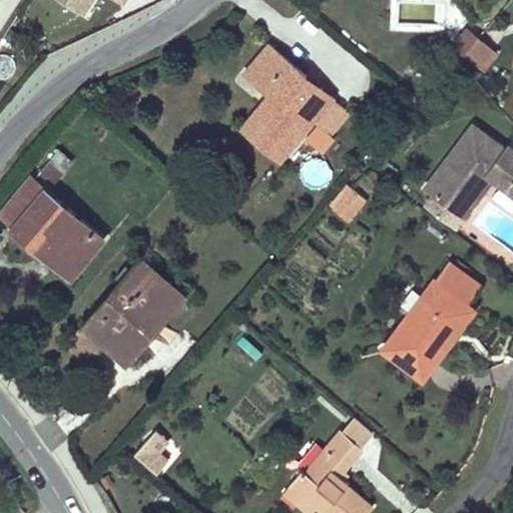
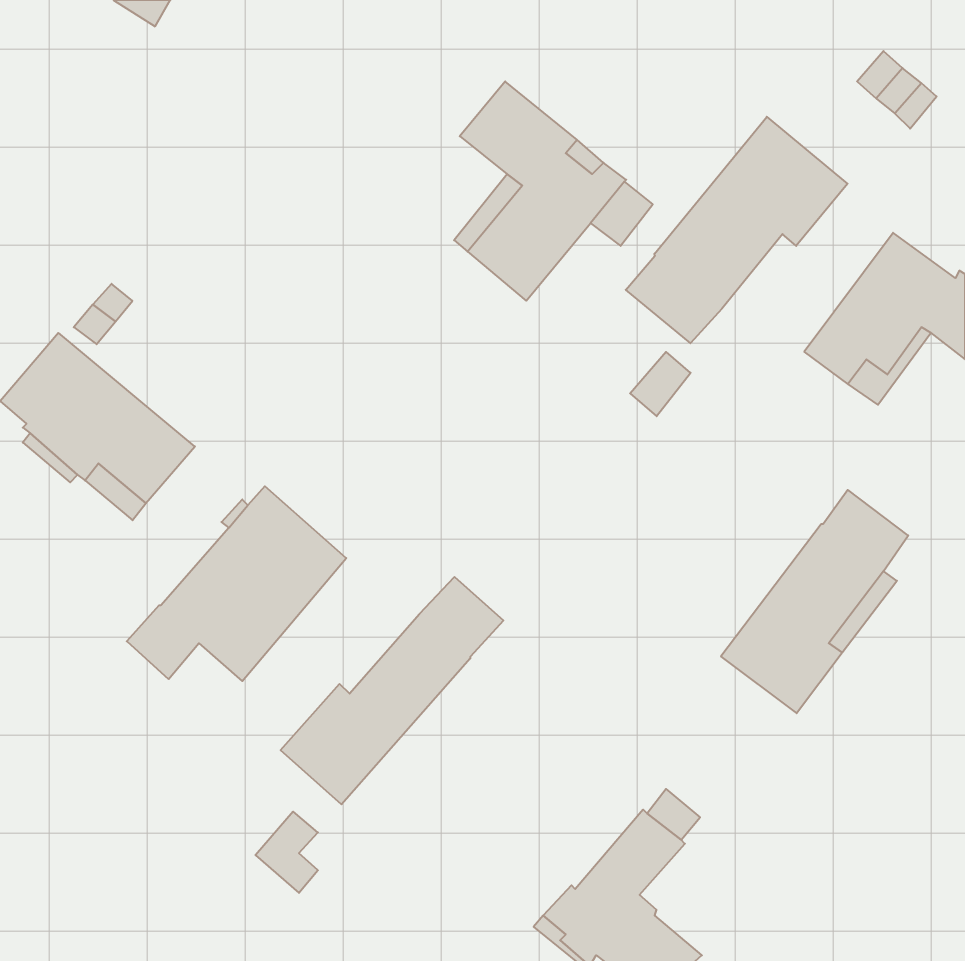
building: none -> [626,117,848,343]
building: none -> [281,577,503,804]

